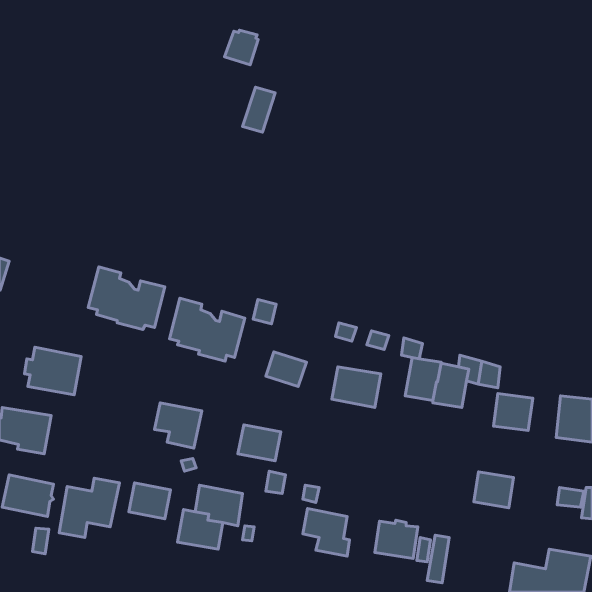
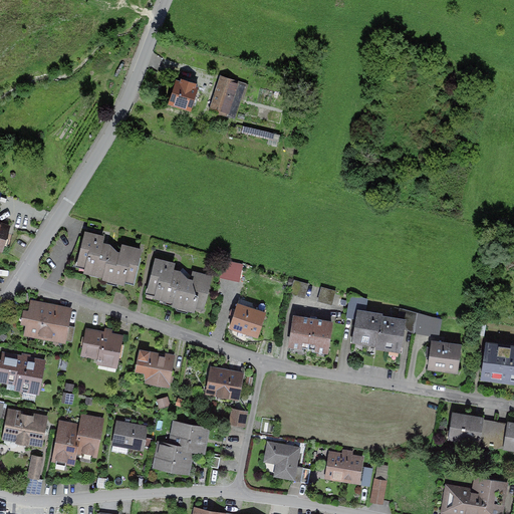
building: [225,30,258,65] -> [169,78,198,108]
building: none -> [80,327,122,367]
building: [474,472,513,508] -> [448,413,482,444]

